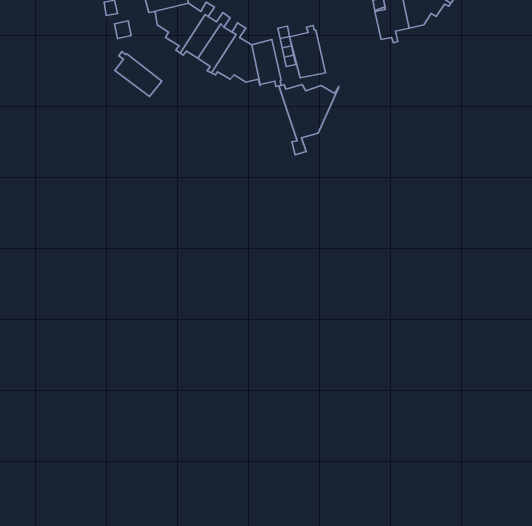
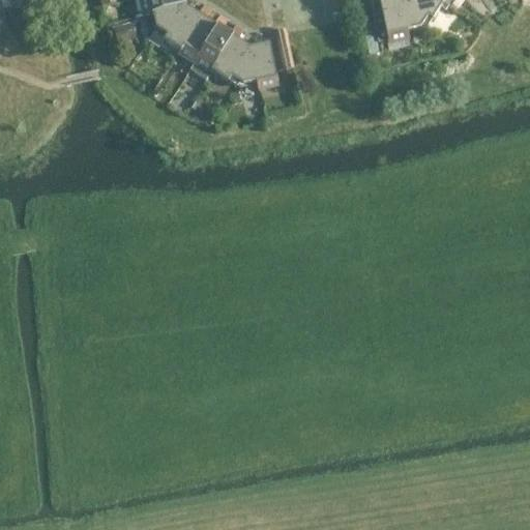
building: [290,25,326,78] -> none
building: [115,52,162,96] -> none
building: [279,84,339,155] -> none

